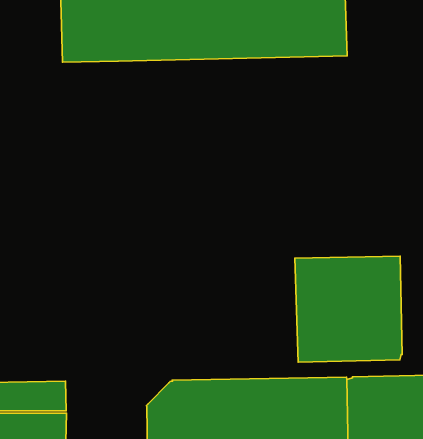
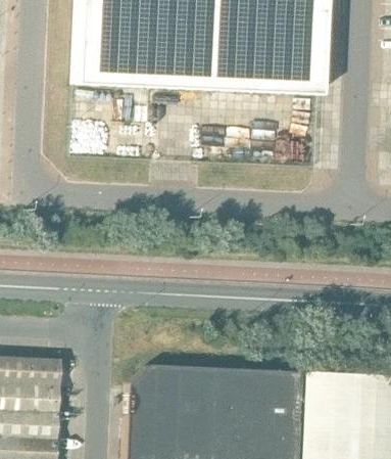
building: [295,256,402,362] -> none

